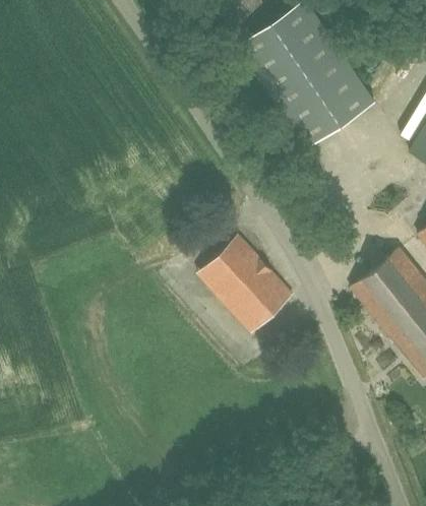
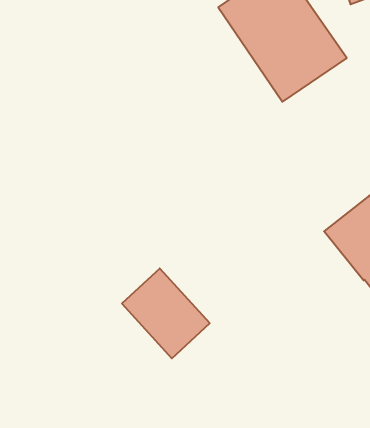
building: [198,237,293,333] -> [122,268,210,358]

